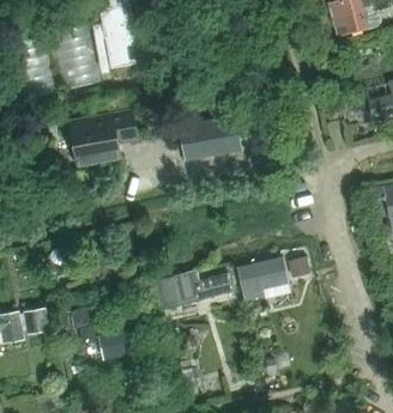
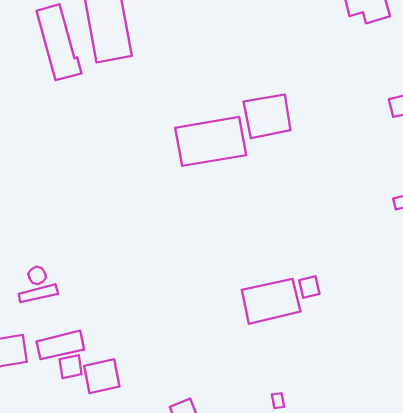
building: none -> [244,94,291,138]
building: [69,109,139,166] -> none
building: [158,272,232,309] -> none

